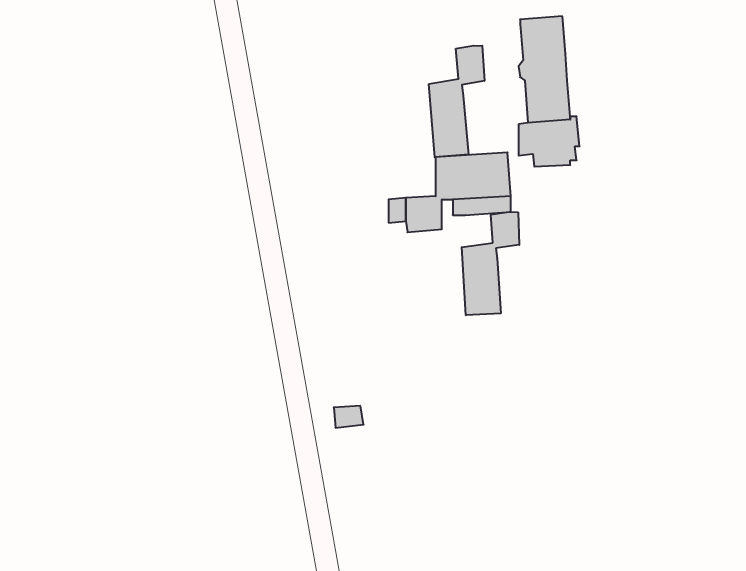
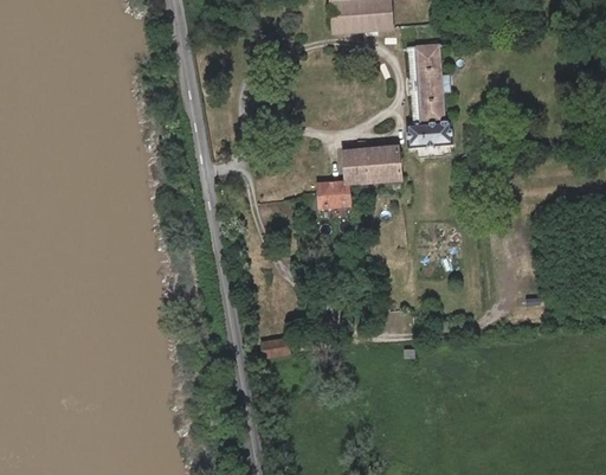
building: [429,46,484,157] -> none
building: [462,212,519,315] -> none

